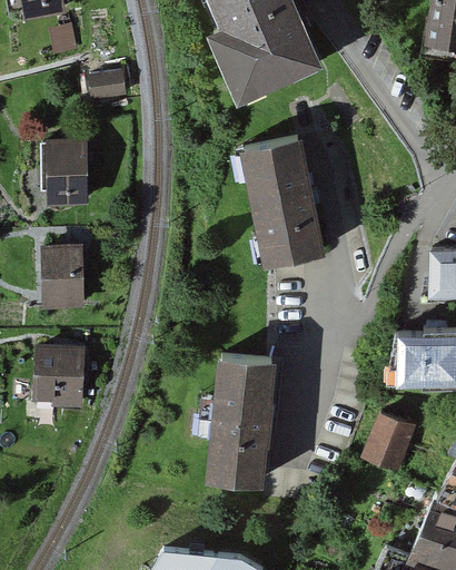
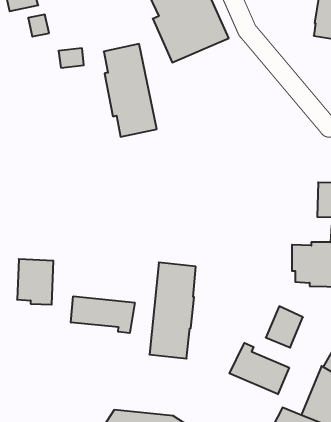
building: [250,138,320,261] -> [104,44,157,137]
building: [43,144,86,200] -> none
building: [42,250,85,313] -> none
building: none -> [71,296,135,333]
building: none -> [229,343,289,394]

